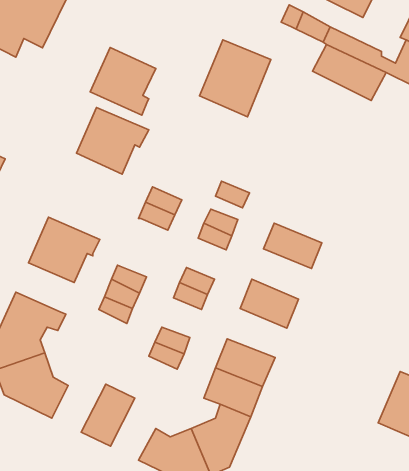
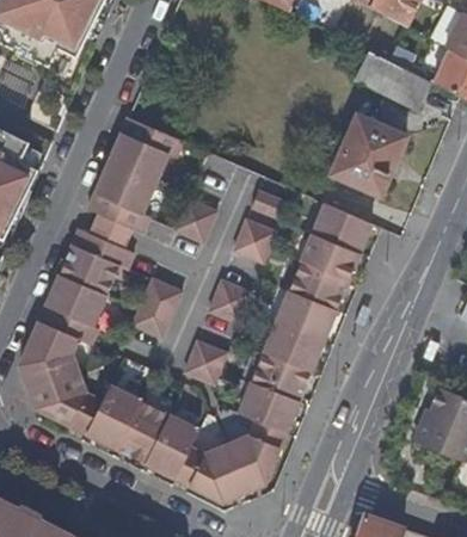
building: [200,40,271,117] -> [330,115,403,193]
building: [90,48,156,115] -> [88,163,155,233]
building: none -> [311,203,373,255]
building: none -> [288,261,349,313]
building: none -> [47,276,106,326]
building: none -> [263,322,324,372]
building: none -> [84,384,139,449]
building: none -> [143,414,198,477]

